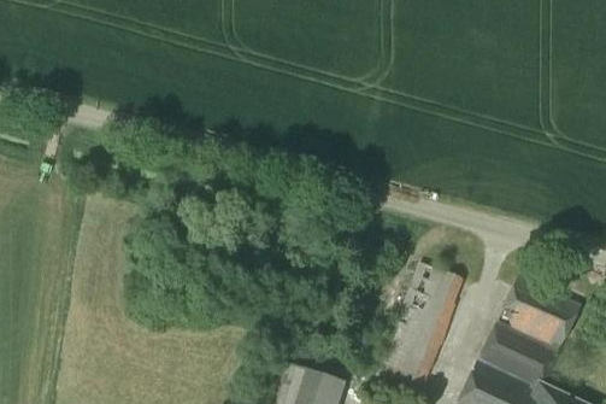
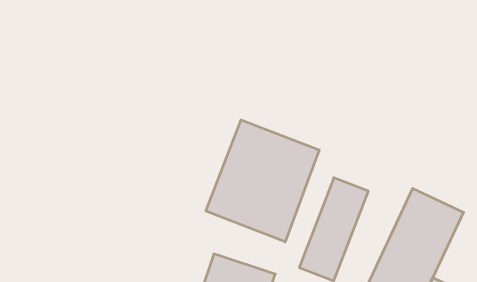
building: none -> [206,120,319,242]

